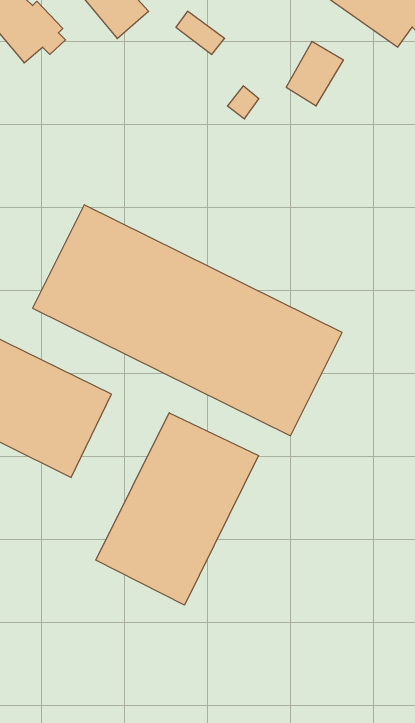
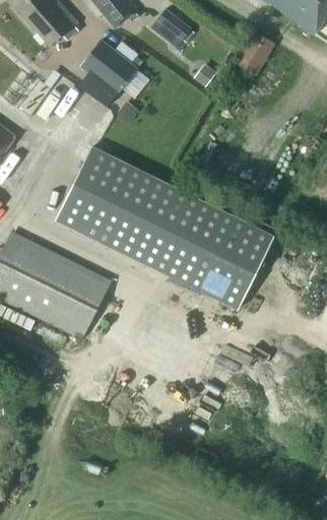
building: none -> [80,40,137,94]
building: [96,413,258,605] -> none

